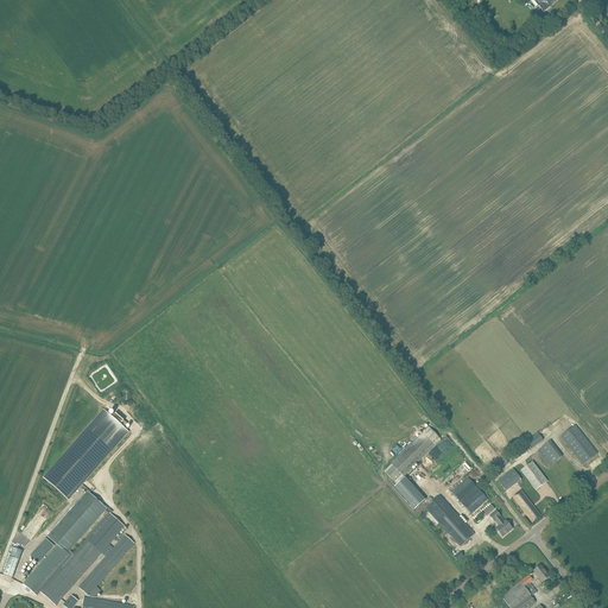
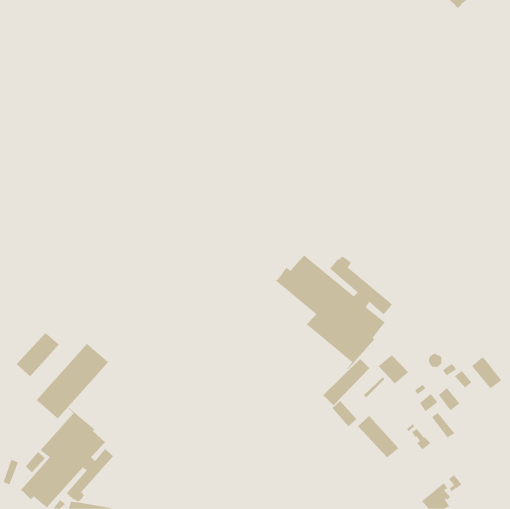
building: none -> [275,255,393,370]
building: none -> [16,332,60,377]
building: [451,477,488,513] -> [378,354,409,384]

